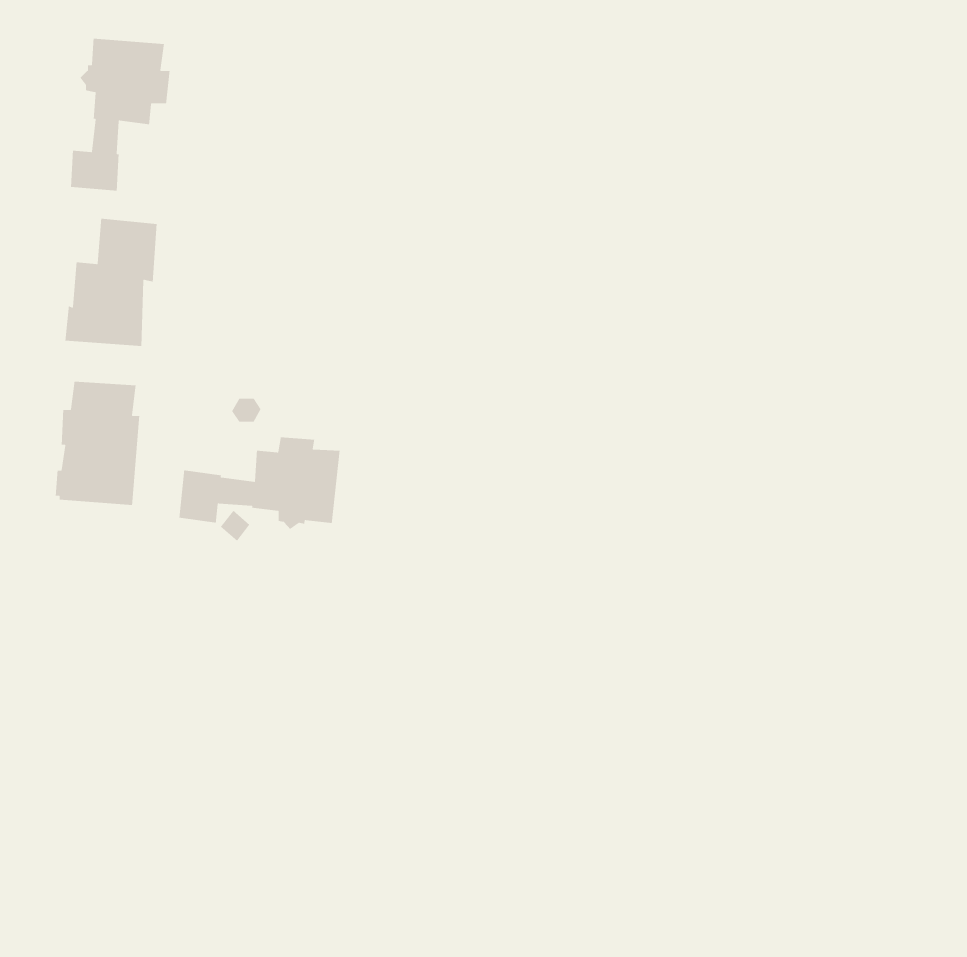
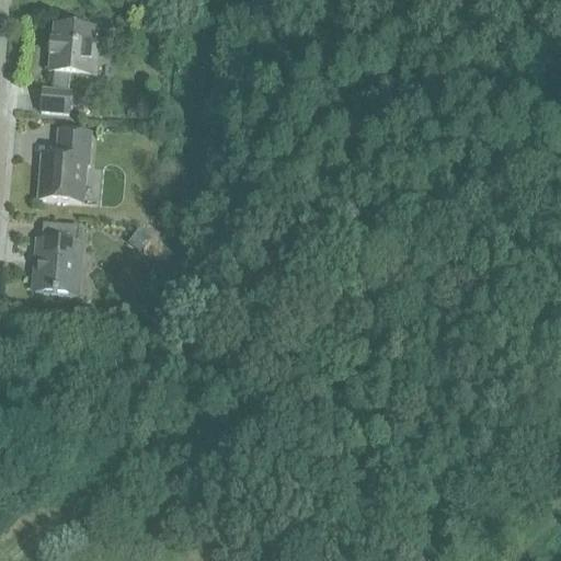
building: [178,436,341,530] -> none

